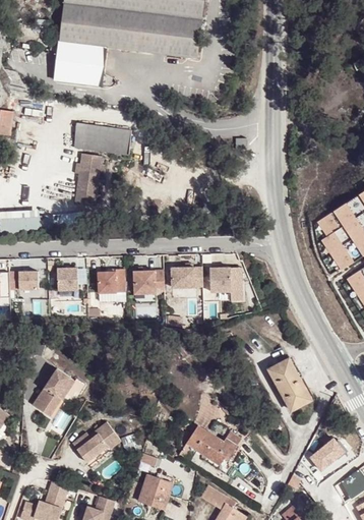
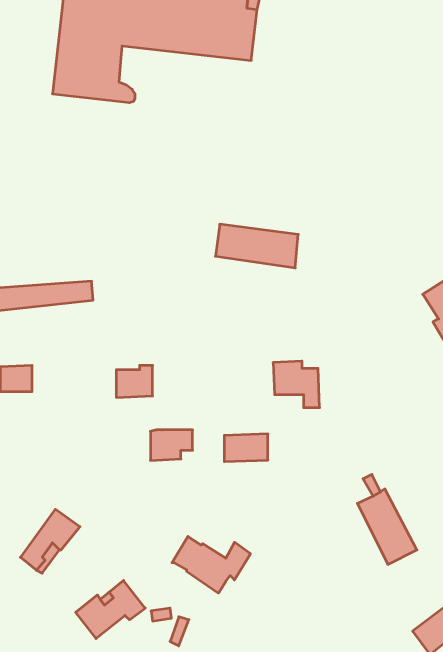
building: [73,123,131,154] -> [215,224,298,268]
building: [74,152,101,205] -> none
building: [58,267,79,290] -> none
building: [173,269,203,288] -> [224,434,268,462]
building: [135,273,165,294] -> [150,430,193,460]
building: [186,425,241,465] -> [172,536,250,593]

